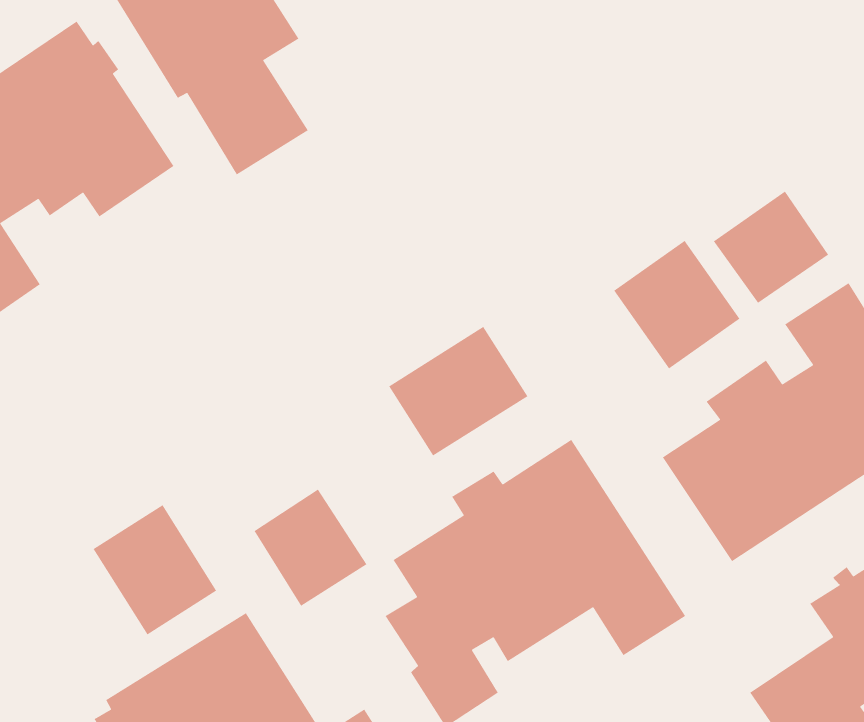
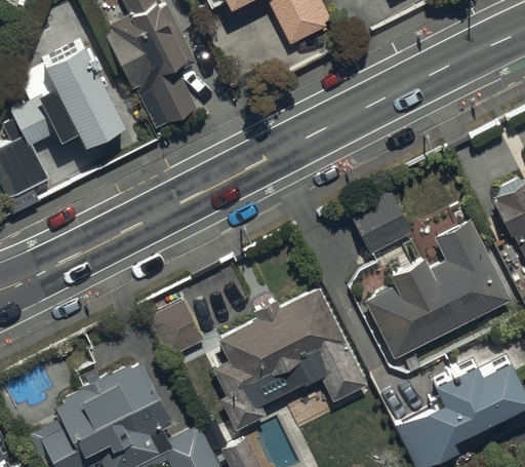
building: [713,190,829,304] -> none
building: [388,326,528,457] -> none
building: [92,504,217,635] -> none

